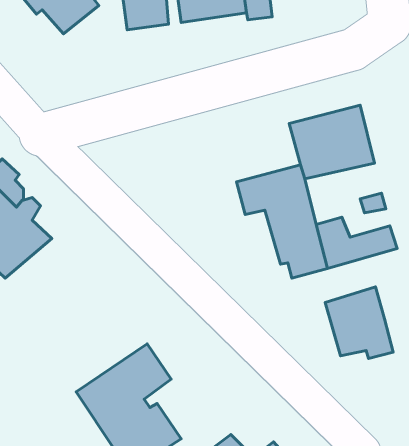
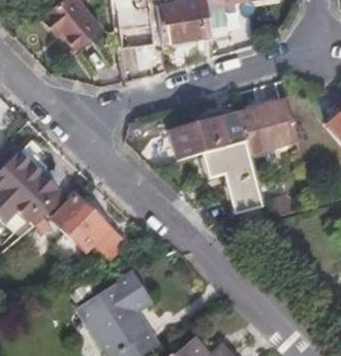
building: none -> [172,110,247,161]
building: none -> [49,195,119,257]
building: [325,287,393,359] -> none

